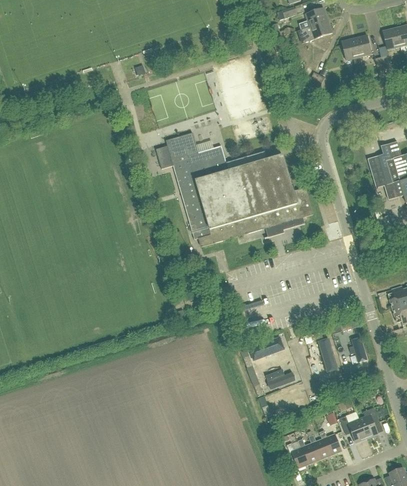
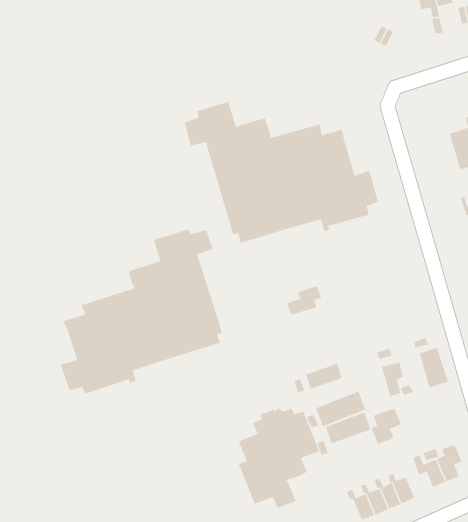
building: none -> [60,229,223,395]
building: none -> [286,286,322,315]
building: none -> [238,408,320,509]
building: none -> [371,408,402,445]

